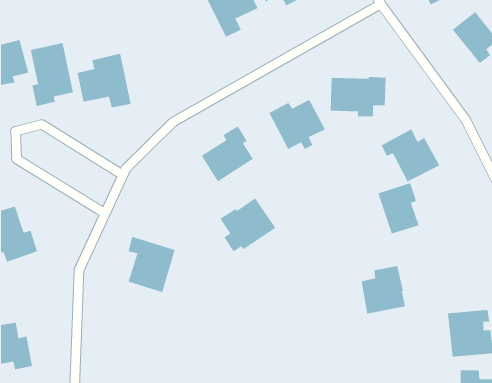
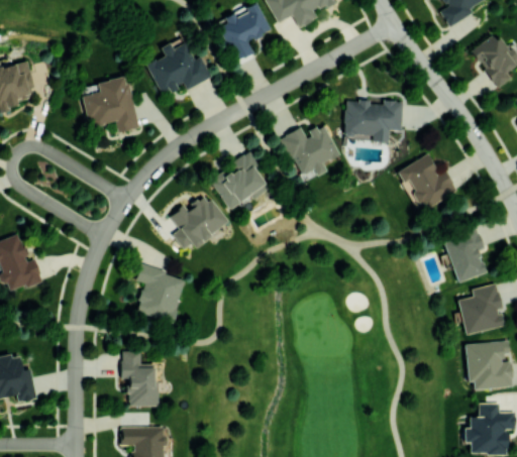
building: none -> [146,43,212,97]
building: [30,42,74,107] -> none
building: [378,182,420,234] -> [443,230,487,283]
building: [219,197,276,252] -> [169,194,227,250]
building: [361,265,406,314] -> [458,284,505,335]
building: none -> [121,352,159,407]

